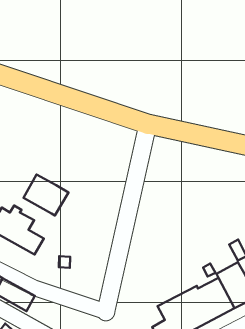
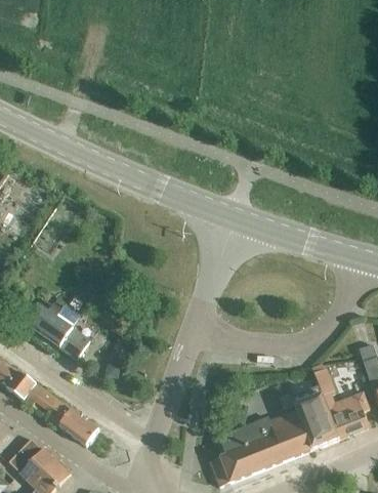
building: [24,175,69,216] -> none
building: none -> [59,408,99,445]

